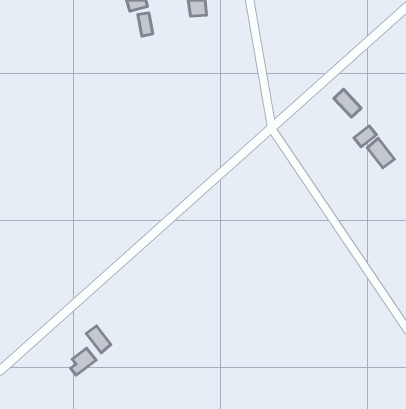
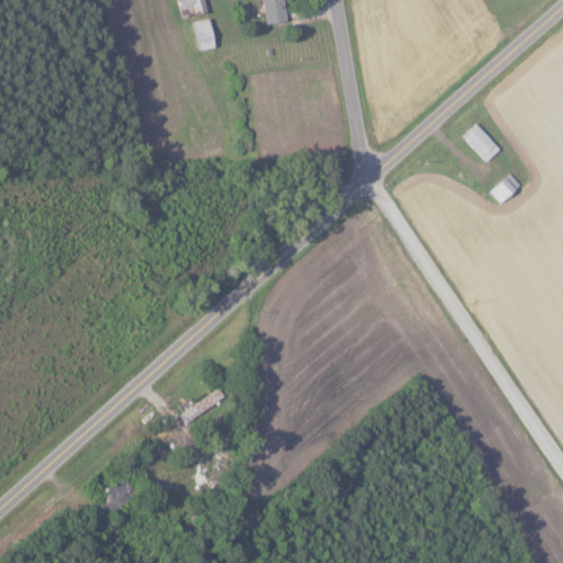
building: [367,138,395,168] -> none
building: [86,326,111,353] -> none

